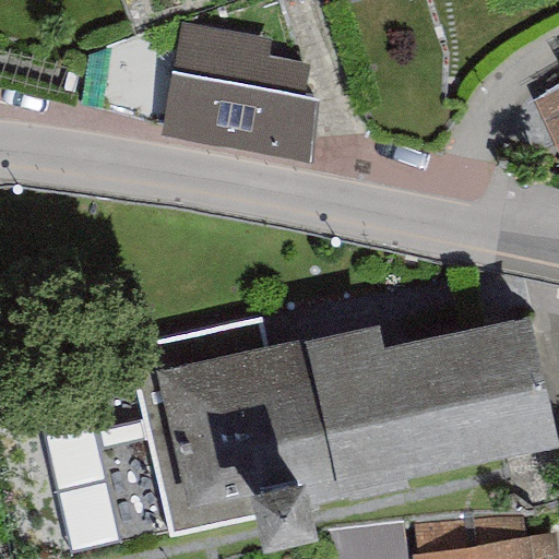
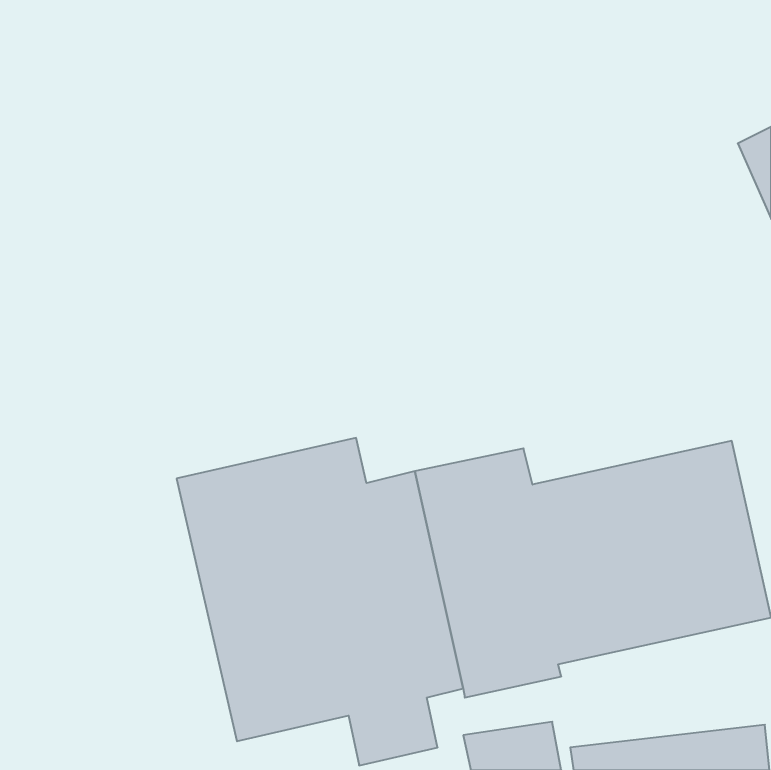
building: [160,26,318,168] -> none
building: [55,412,127,543] -> none

